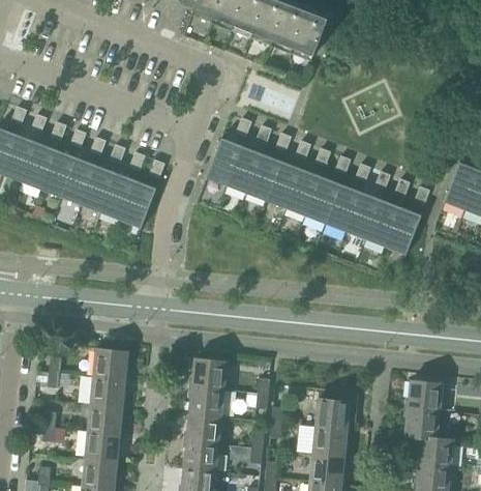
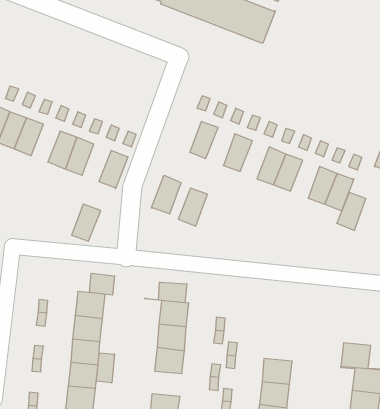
building: [206,140,241,184] -> [151,176,181,214]
building: [41,151,76,196] -> none
building: [246,155,280,200] -> [178,188,207,226]
building: [287,171,321,215] -> none
building: [101,175,136,219] -> [72,204,101,241]
building: [345,194,380,238] -> [337,192,366,230]
building: none -> [89,273,114,295]
building: none -> [145,282,187,303]
building: [408,380,443,411] -> none
building: [314,392,357,430] -> none
building: none -> [97,353,115,383]
building: [183,441,218,471] -> none

